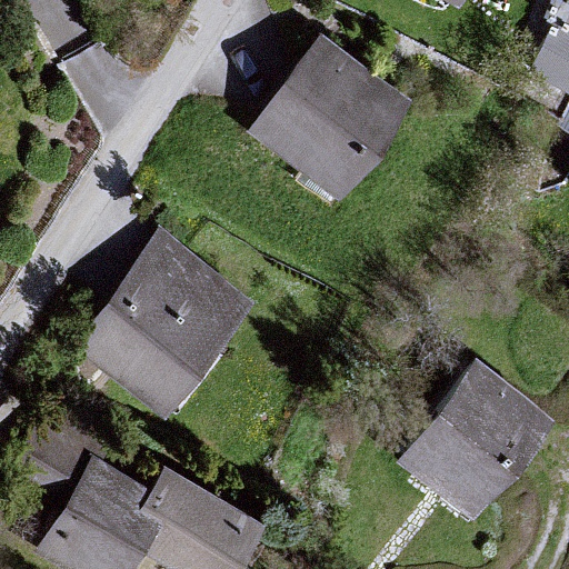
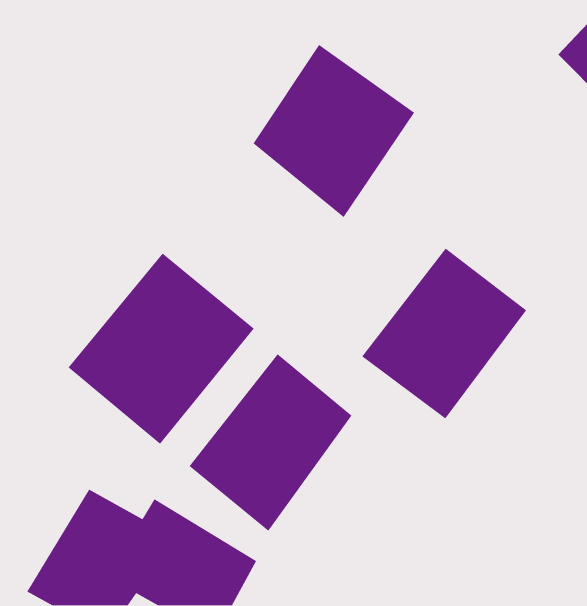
building: none -> [189,353,352,532]
building: [395,357,550,518] -> [361,247,527,419]

